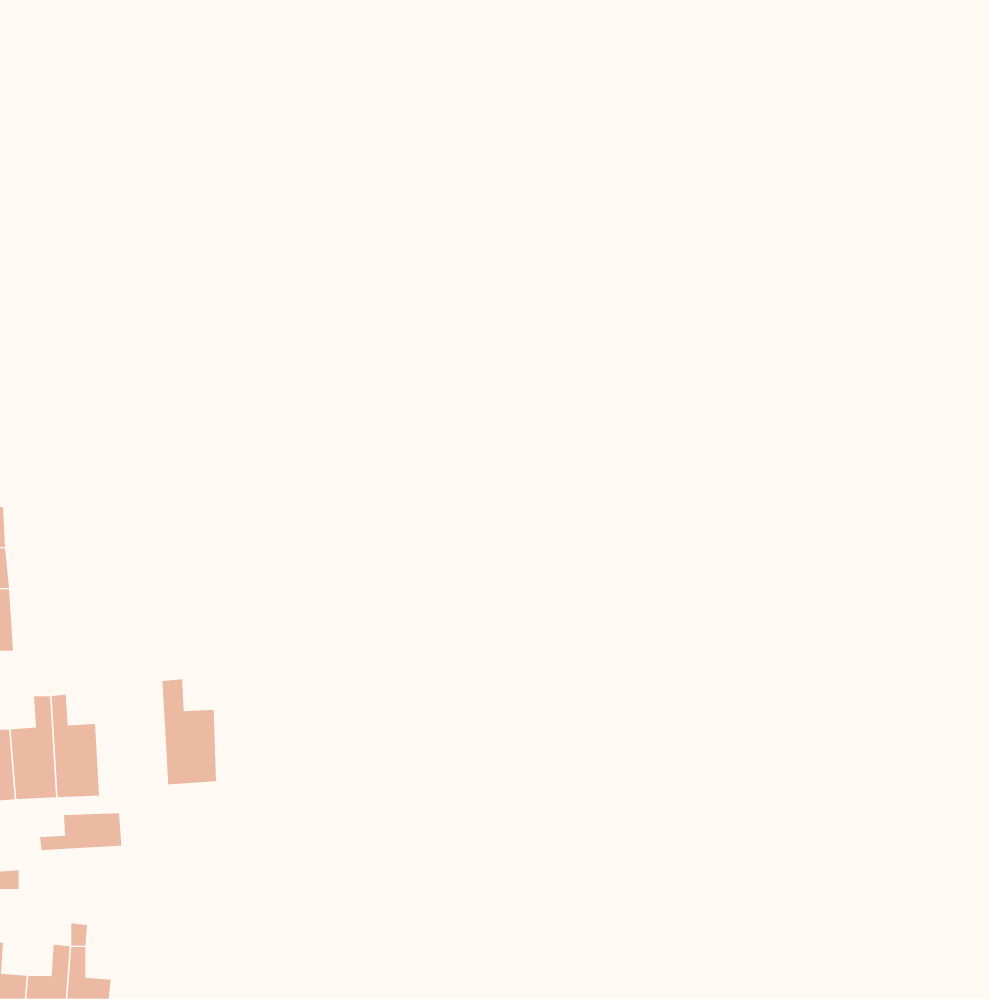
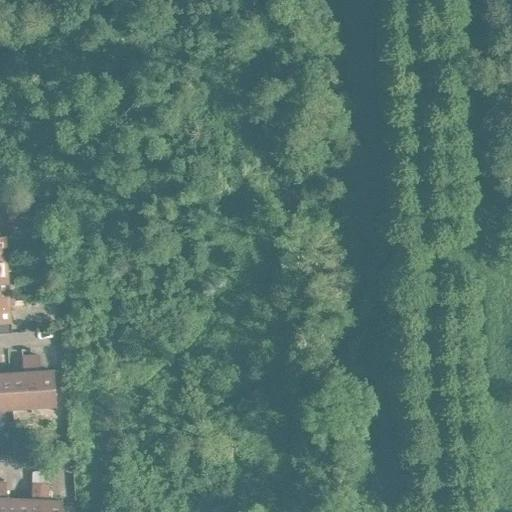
building: [162,678,216,785] -> none
building: [40,813,122,851] -> none

